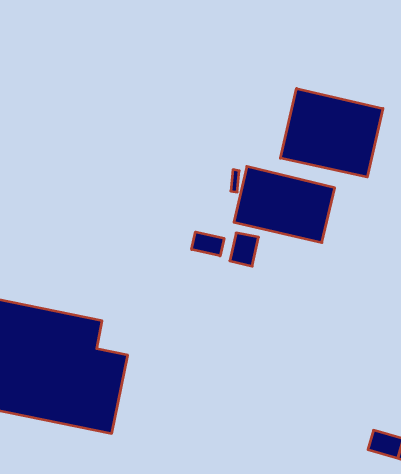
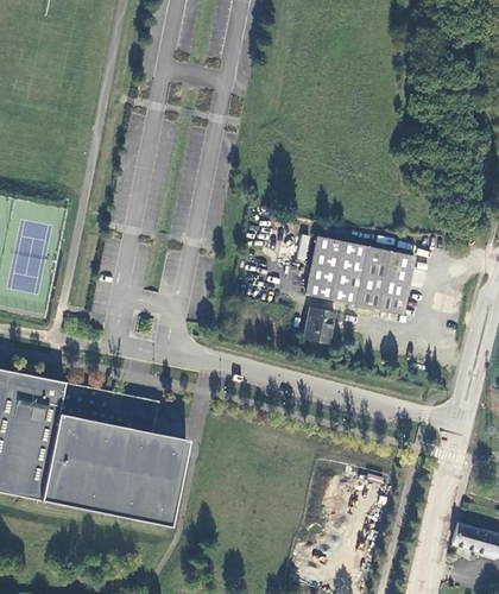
building: [280,88,383,177] -> none
building: [192,232,224,256] -> none

